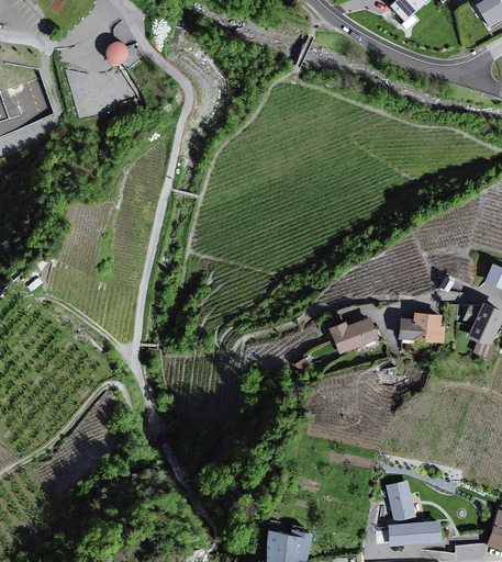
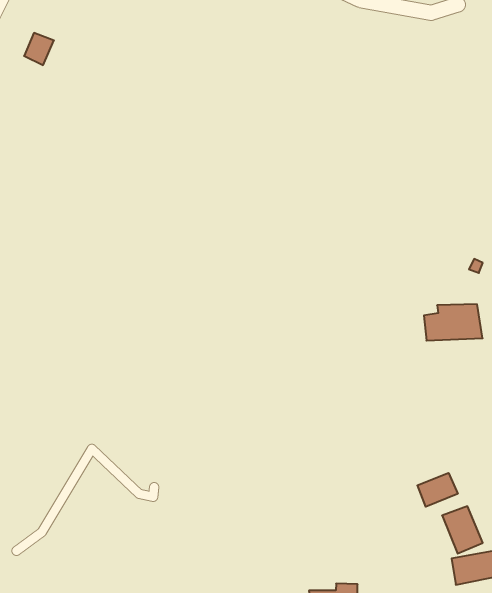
building: [326,319,377,356] -> none
building: none -> [417,473,458,507]

